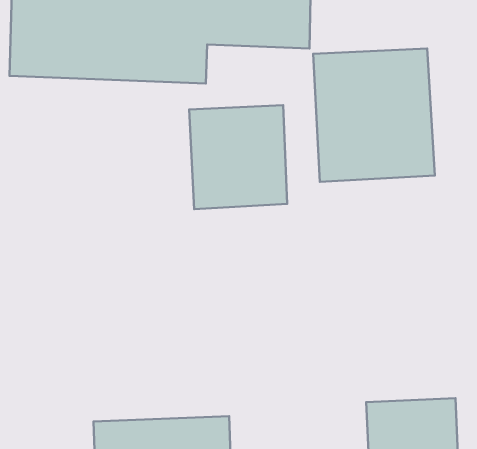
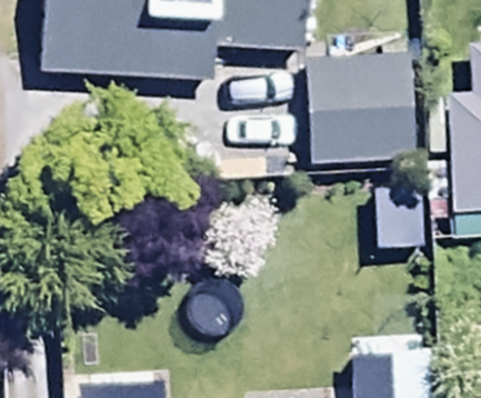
building: [189,105,287,209] -> none

